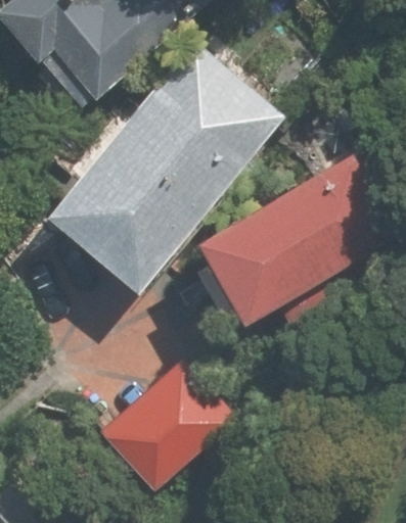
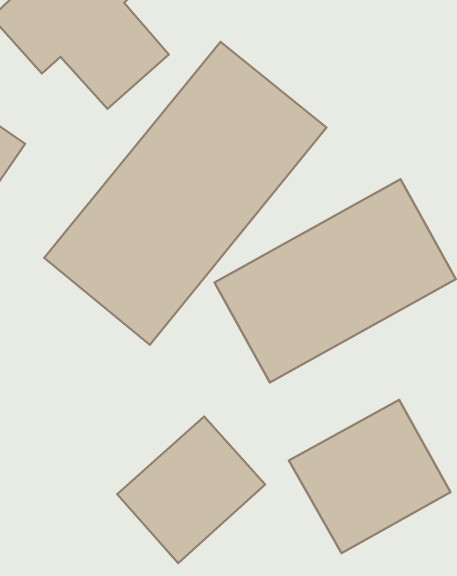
building: none -> [289,400,450,553]

